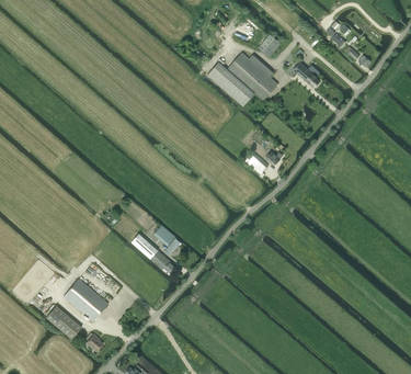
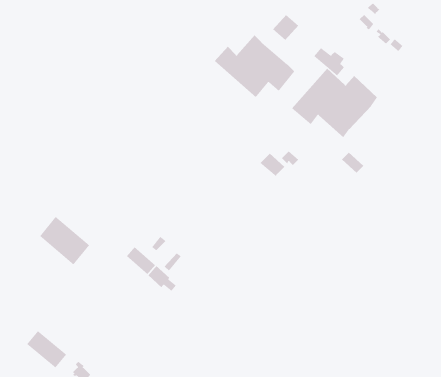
building: none -> [291,68,378,138]
building: [64,277,107,320] -> [39,216,90,266]

